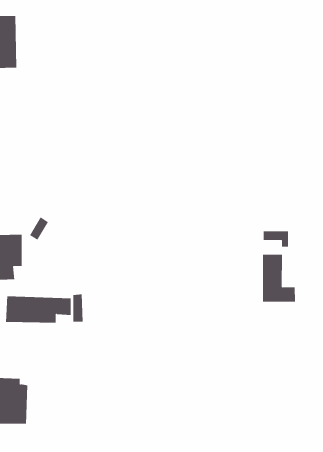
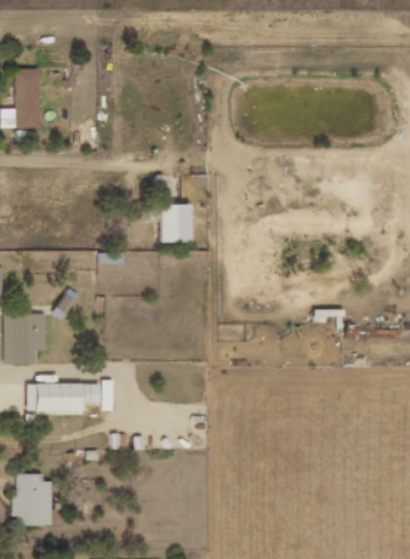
building: none -> [161,204,193,241]
building: [263,254,296,303] -> none

